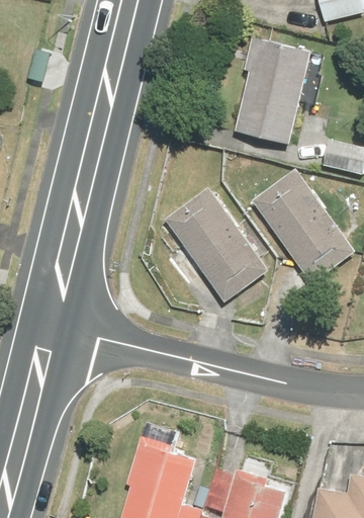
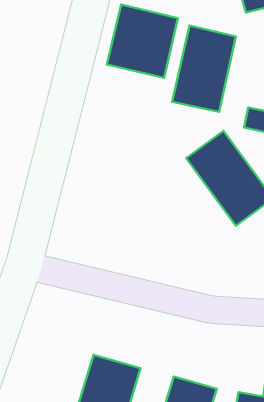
building: none -> [107,4,178,78]
building: [158,186,271,308] -> none

